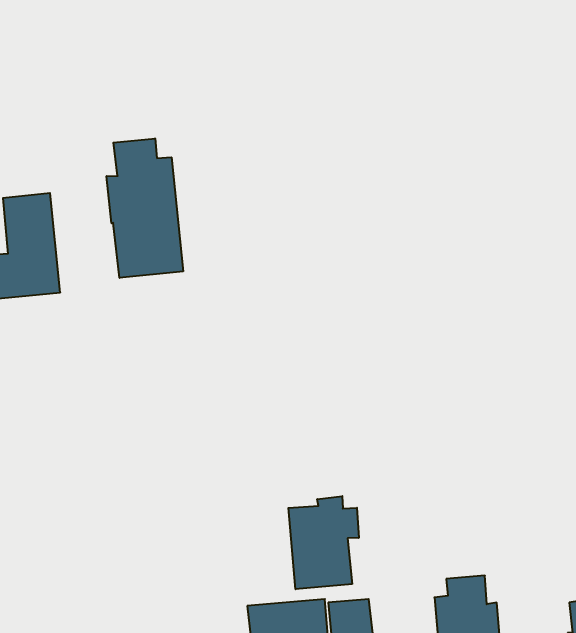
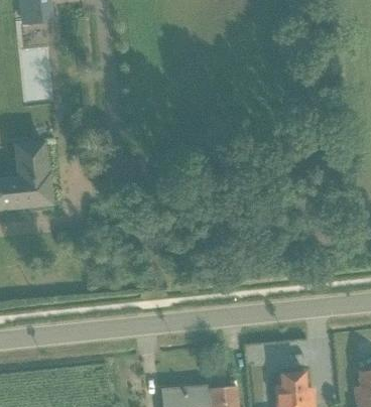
building: [107,138,183,278] -> none
building: [288,496,359,589] -> none

